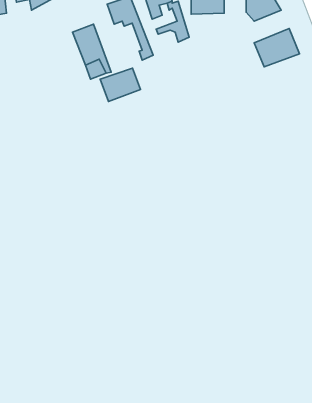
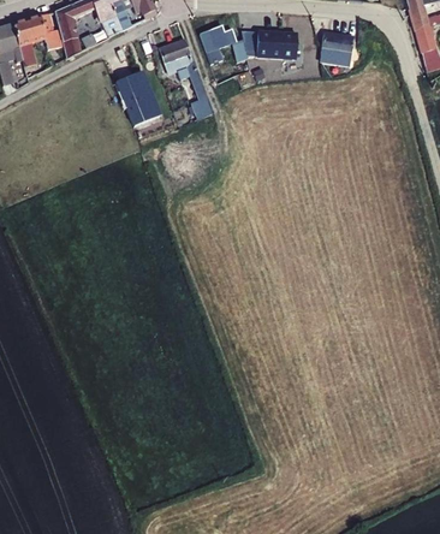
building: [254,29,299,67] -> none
building: [100,68,141,102] -> none

